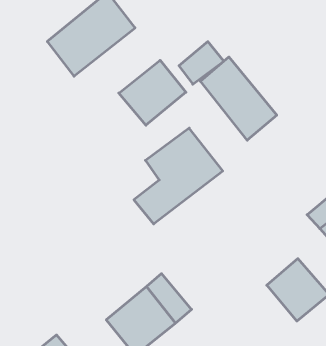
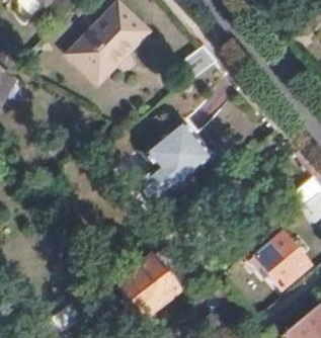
building: [200,57,277,140] -> none
building: [119,60,186,125] -> none

